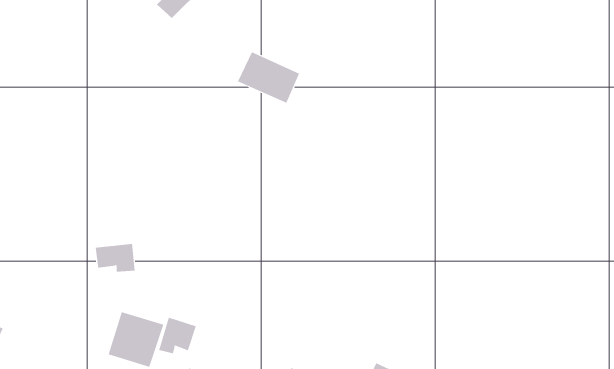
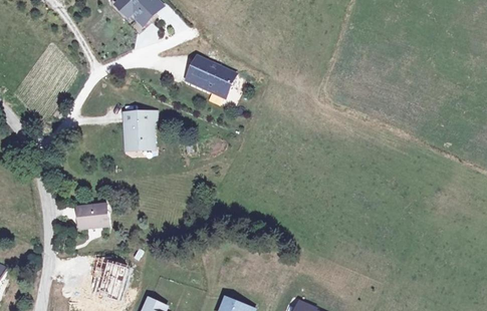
building: none -> [125,111,156,148]
building: [158,317,196,354] -> none

